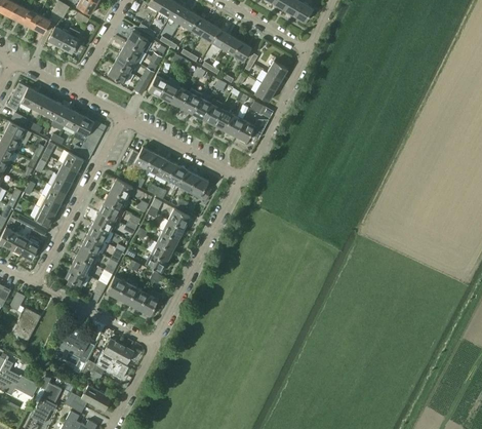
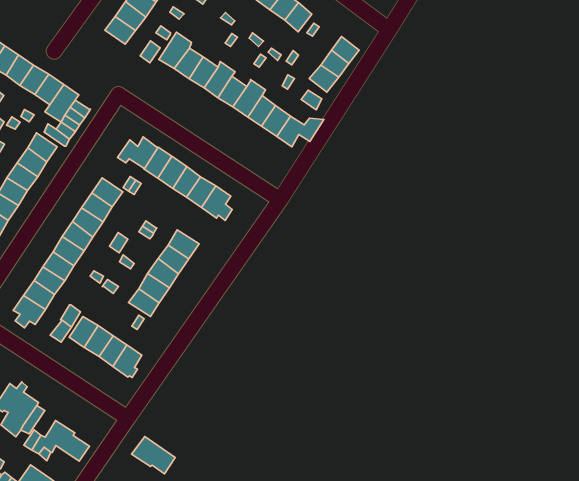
building: [103,339,133,363] -> [131,437,175,474]

